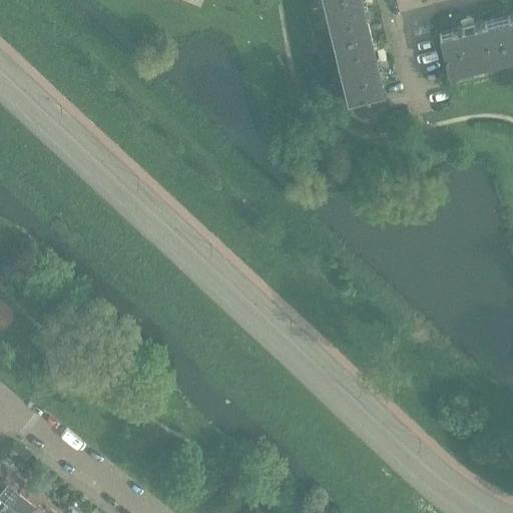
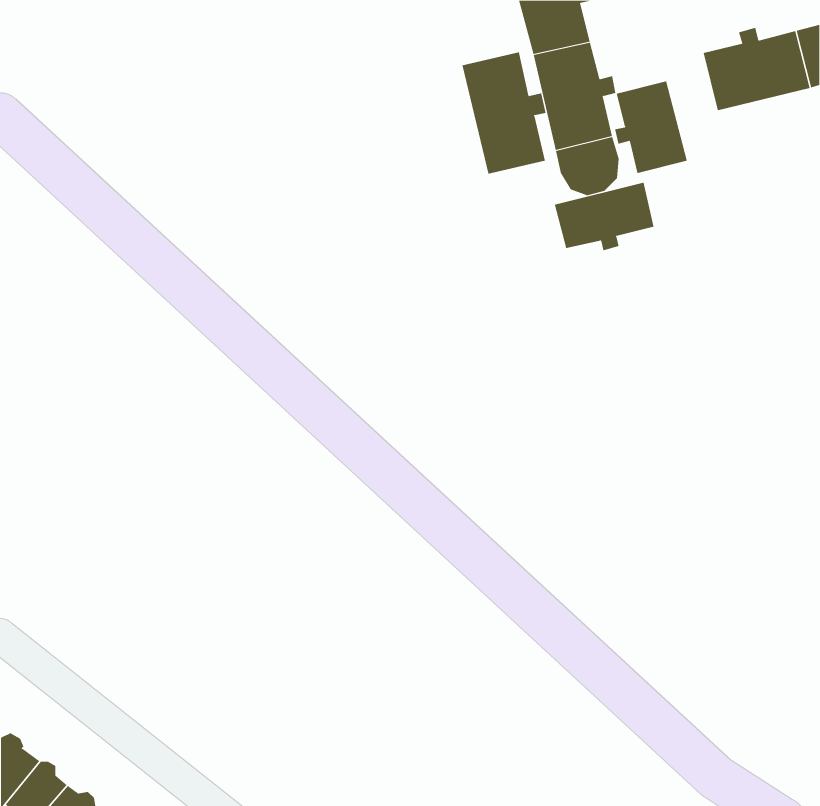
building: none -> [462,52,546,175]
building: none -> [615,81,688,174]
building: none -> [554,182,654,251]

